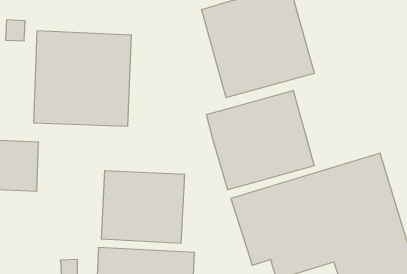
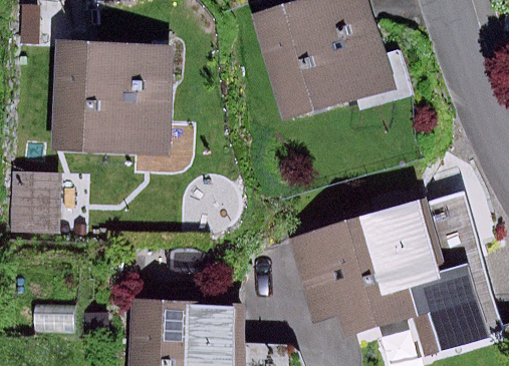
building: [207,90,314,190] -> none
building: [101,170,184,243] -> none

